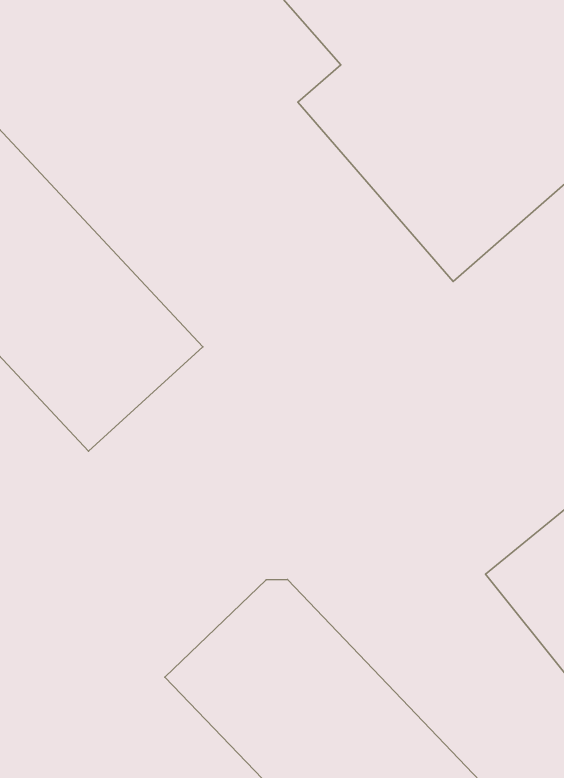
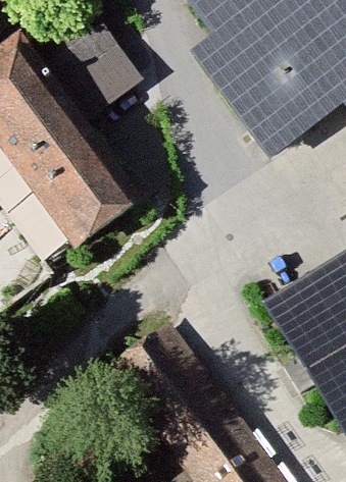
building: none -> [47,16,146,115]

